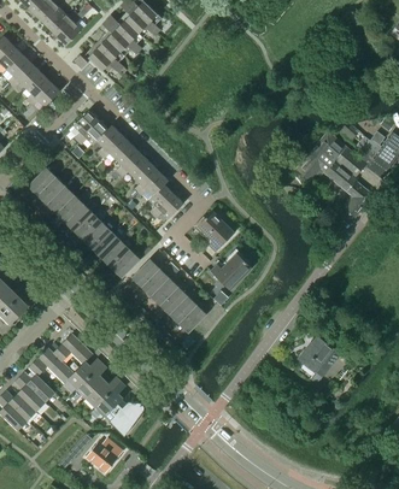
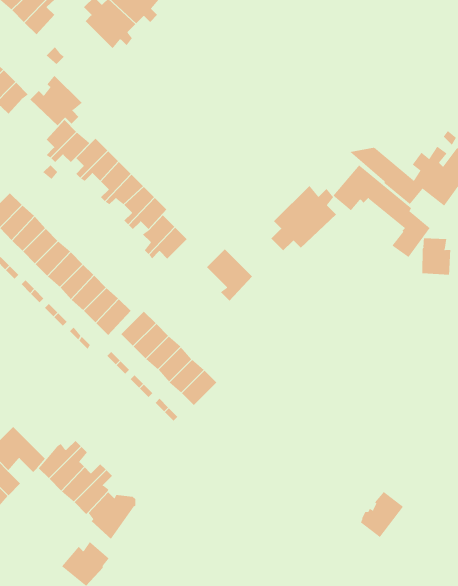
building: [84,35,125,75] -> [29,75,82,126]
building: none -> [271,185,337,251]
building: none -> [422,238,451,276]
building: [211,252,252,290] -> none
building: [53,334,93,364] -> none
building: [299,336,333,372] -> [360,491,404,538]

